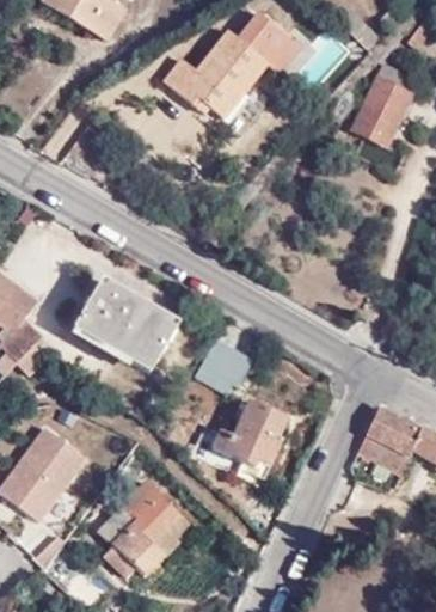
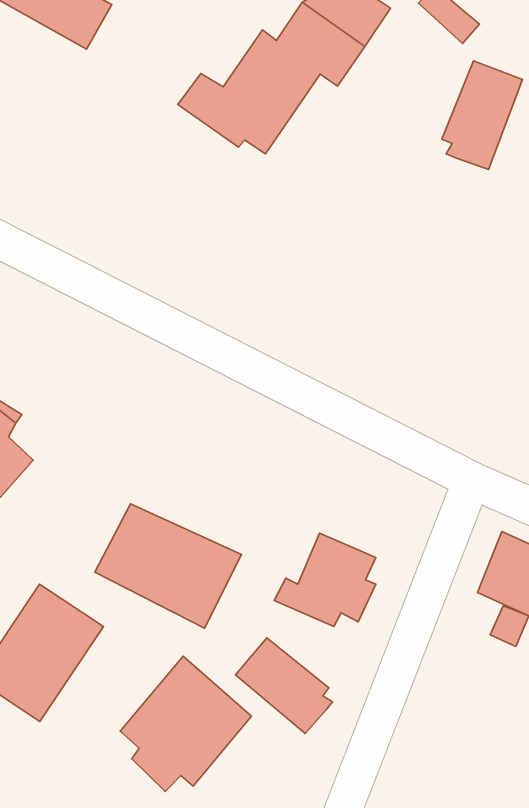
building: [73,279,179,372] -> [95,504,241,628]
building: [196,336,252,392] -> none
building: none -> [236,638,332,733]

